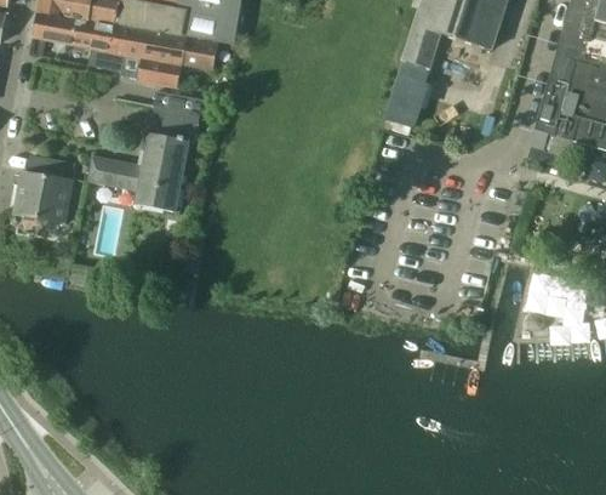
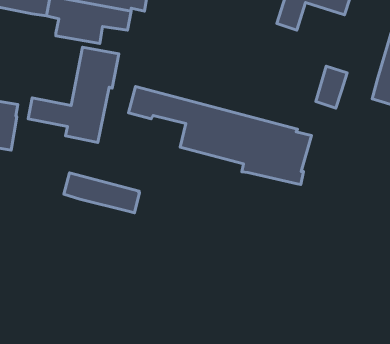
building: [385,74,425,127] -> [316,66,347,108]
building: none -> [128,87,312,184]
building: none -> [64,173,140,213]

